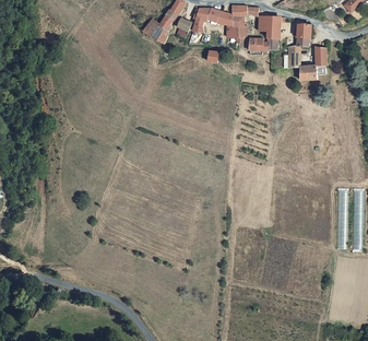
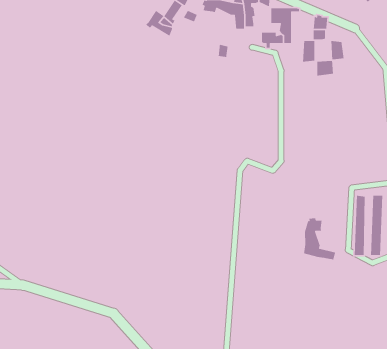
building: none -> [303,217,336,260]

